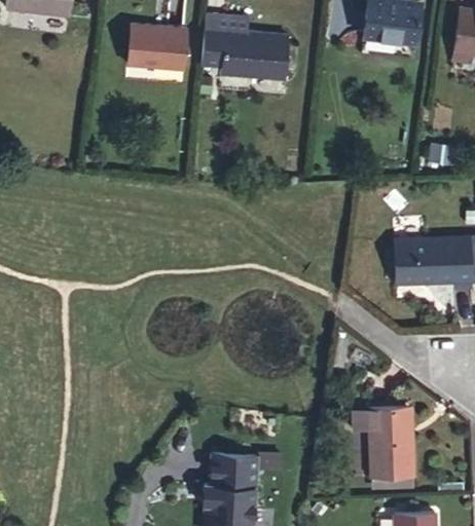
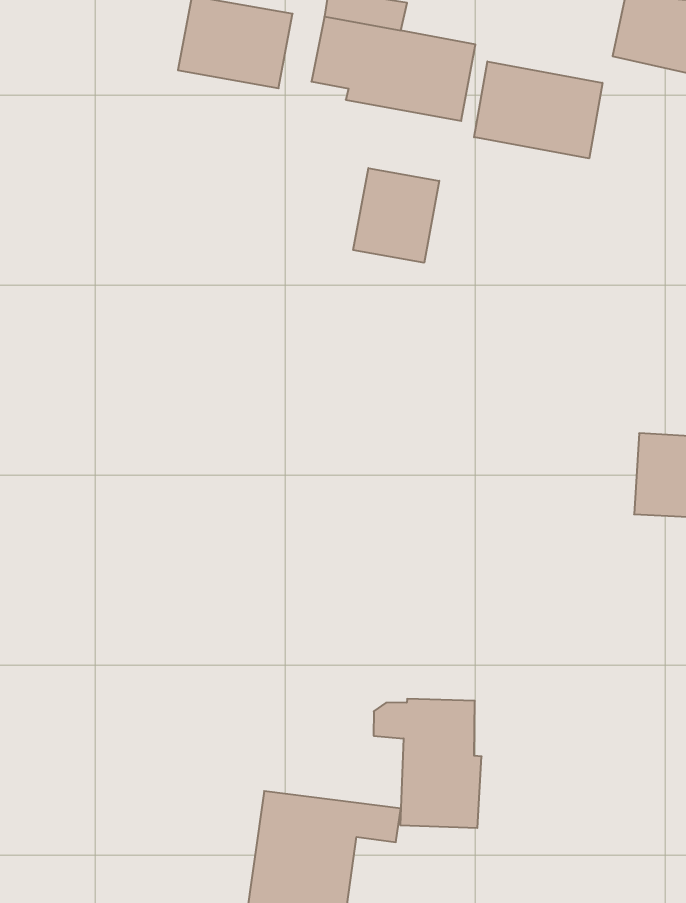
building: none -> [474,61,602,158]
building: none -> [353,168,439,263]
building: [352,407,413,478] -> [374,699,482,828]

